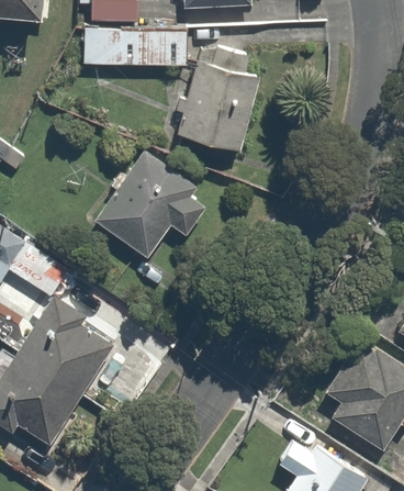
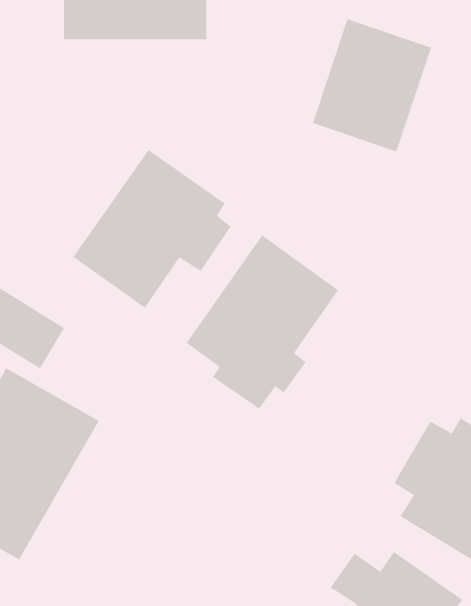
building: [173,55,260,152] -> [312,19,432,152]
building: none -> [186,235,339,409]

